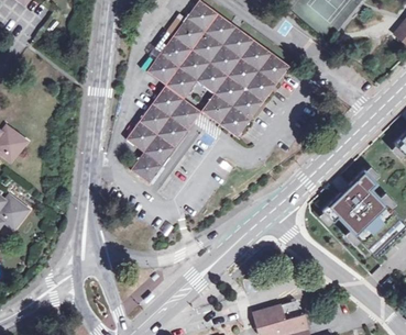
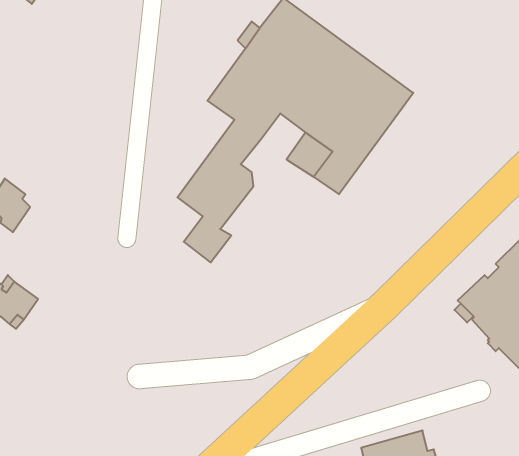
building: [155,98,201,165] -> none

